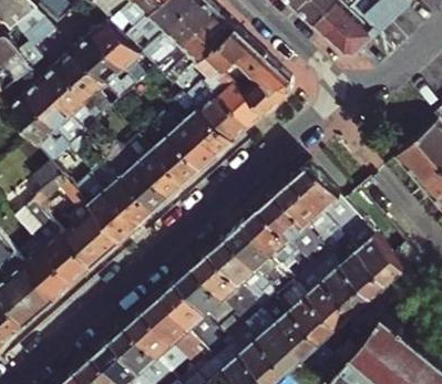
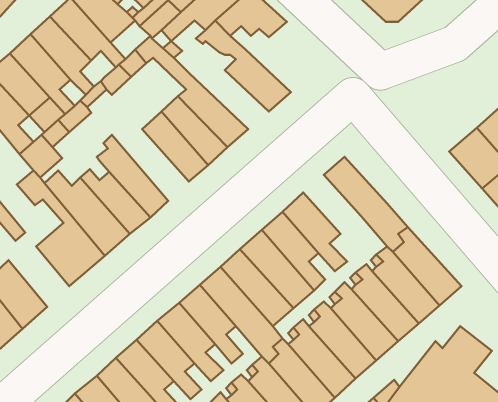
building: [232,55,291,112] -> none
building: [183,69,250,142] -> none
building: [122,136,186,199] -> none
building: [278,178,330,241] -> none
building: [41,231,90,284] -> none

